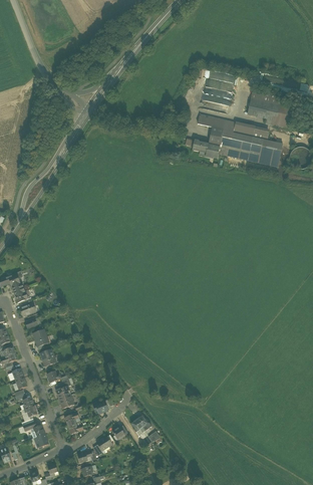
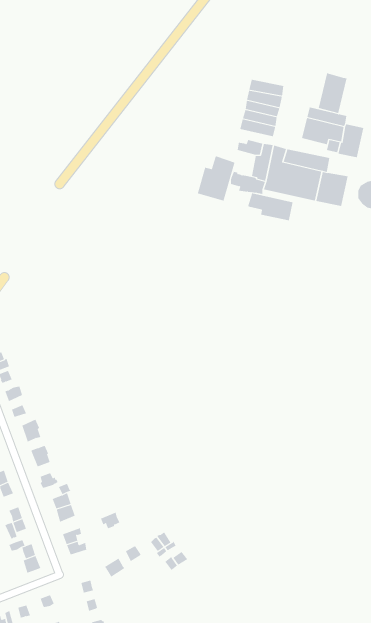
building: none -> [318,72,347,114]
building: none -> [197,155,235,201]
building: none -> [247,193,293,221]

